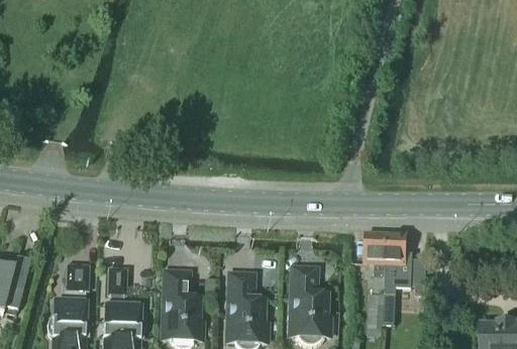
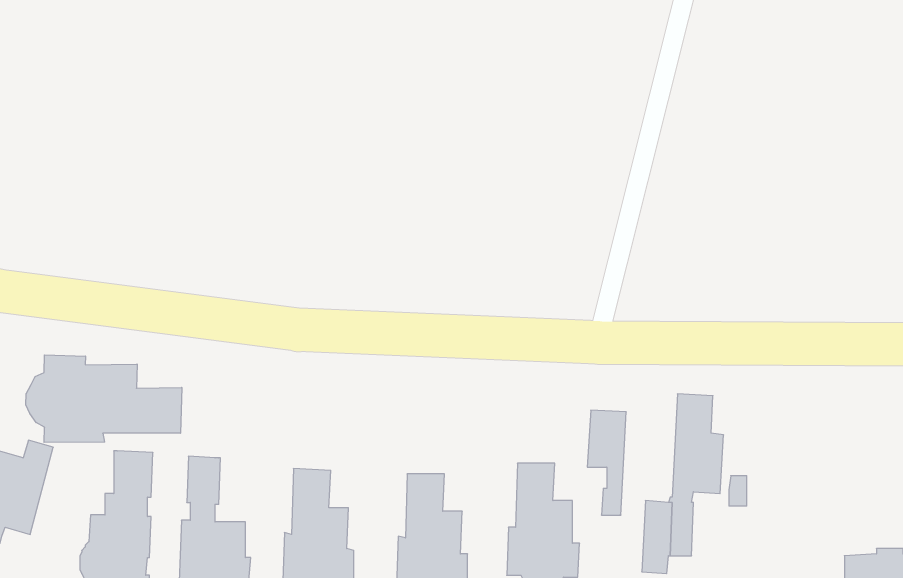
building: none -> [26,355,182,442]
building: [364,229,386,288] -> [587,410,626,515]

